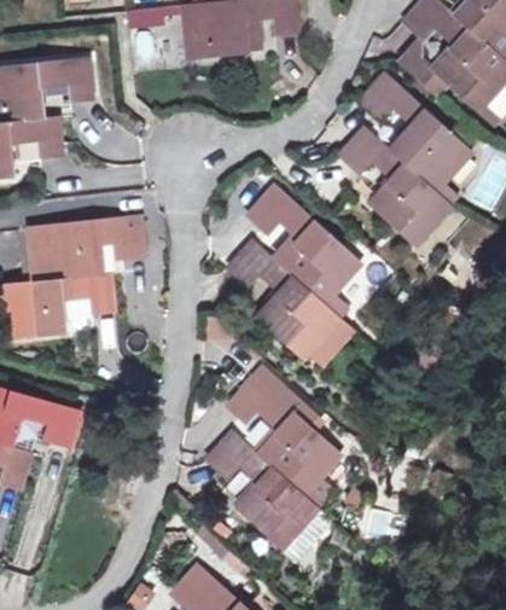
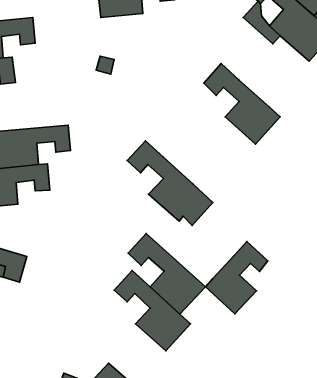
building: [360,71,472,190] -> none
building: [248,185,360,303] -> none
building: none -> [205,242,268,314]

